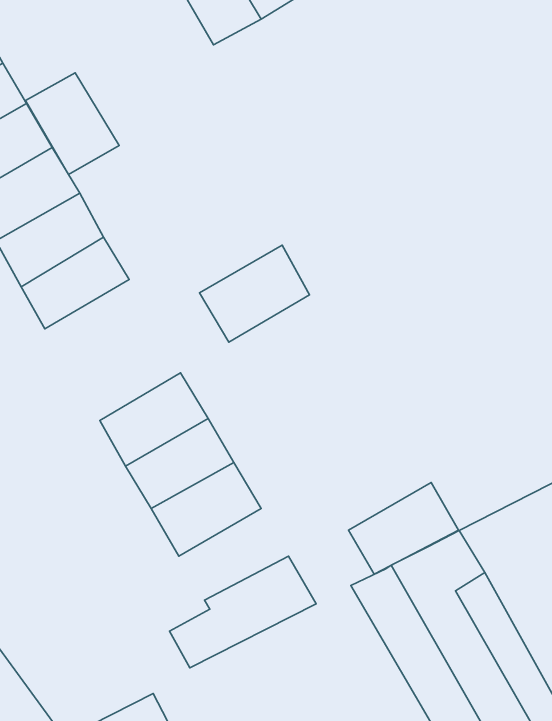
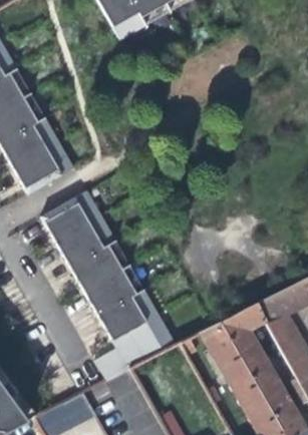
building: [26,73,119,175] -> none
building: [200,245,310,342] -> [42,190,102,244]
building: [349,483,458,574] -> [101,292,162,342]

